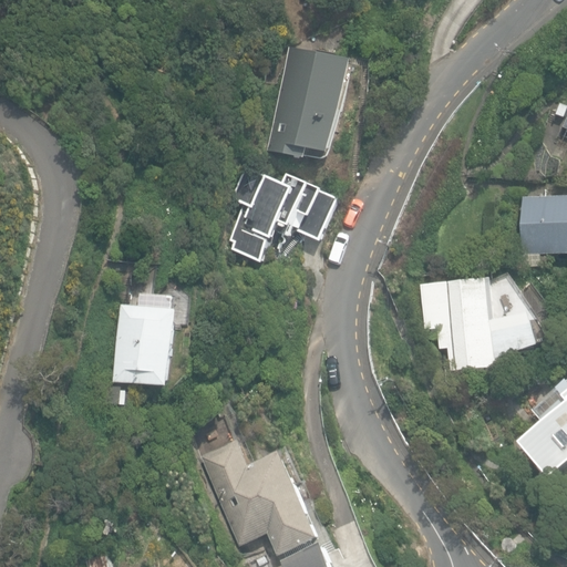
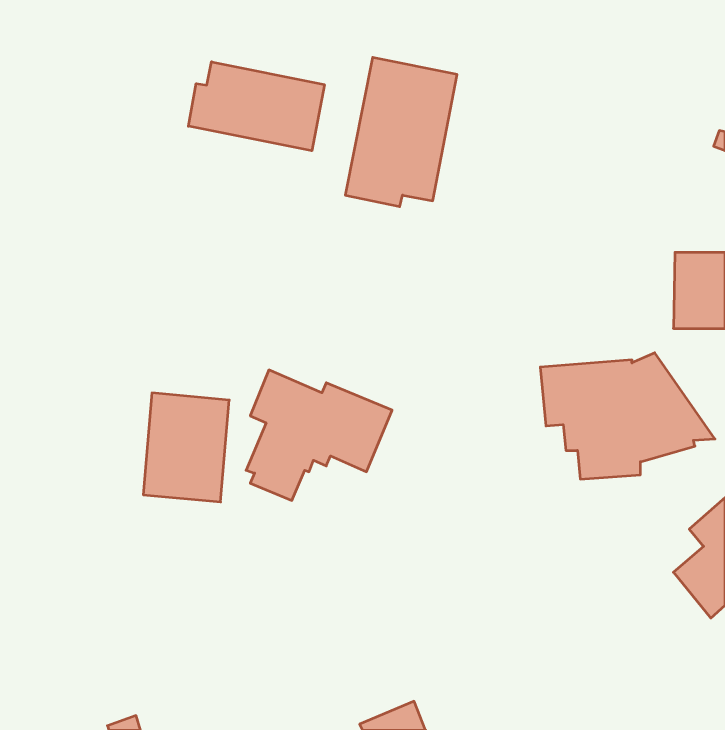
building: none -> [188,62,324,151]
building: [227,162,340,262] -> [246,370,392,500]
building: [200,440,320,555] -> none

